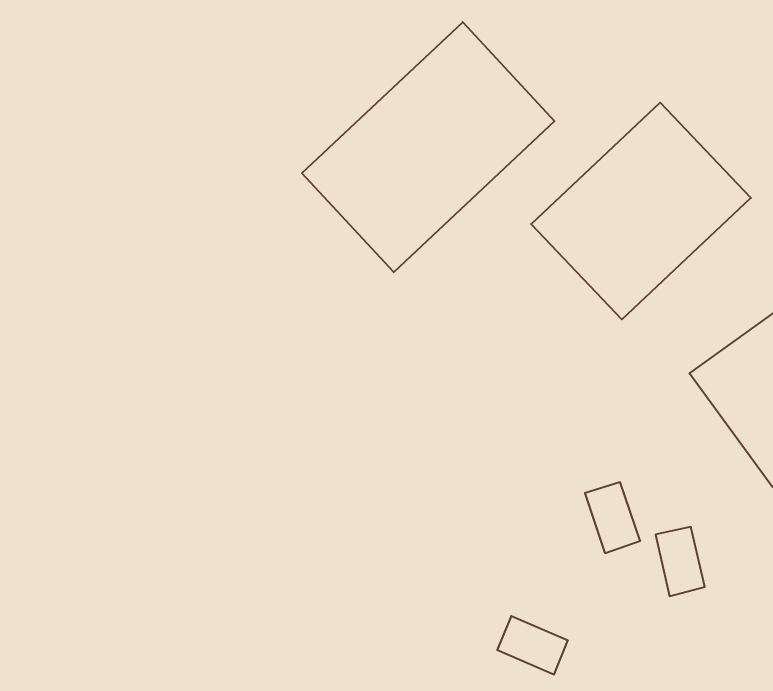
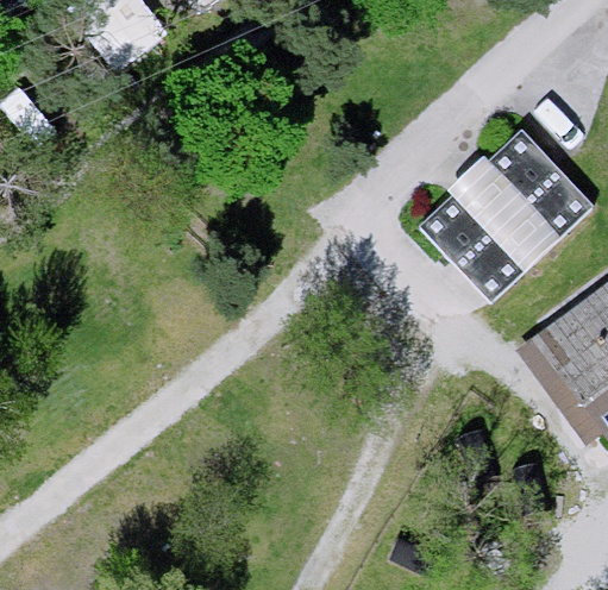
building: [302,22,554,272] -> none

